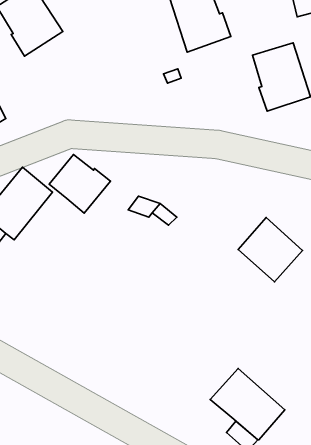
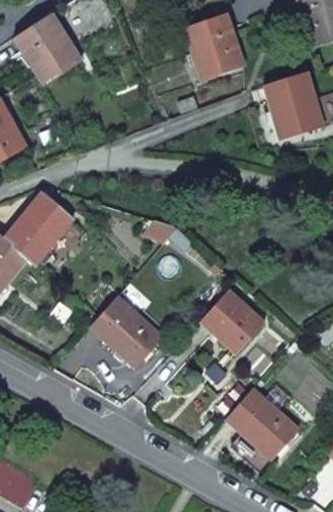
building: [49,155,111,213] -> none
building: [238,217,302,282] -> [201,290,263,352]
building: none -> [91,296,161,366]

